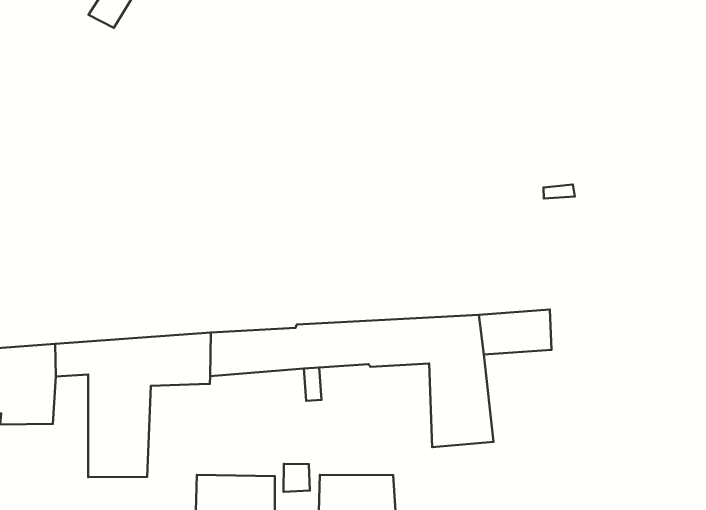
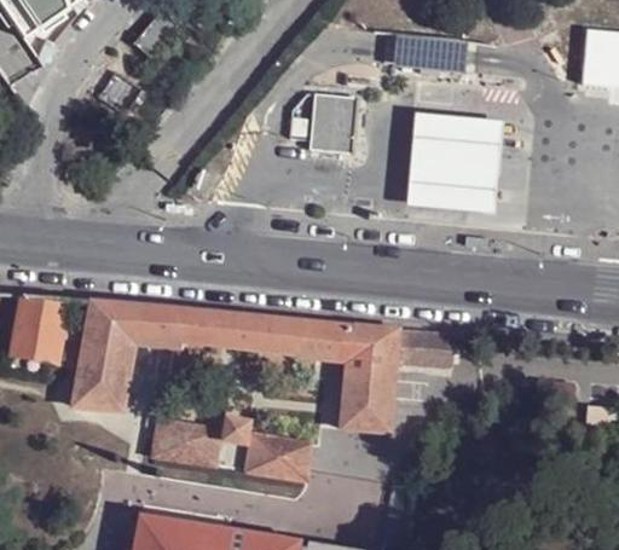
building: none -> [307,94,355,154]
building: none -> [405,114,501,213]

